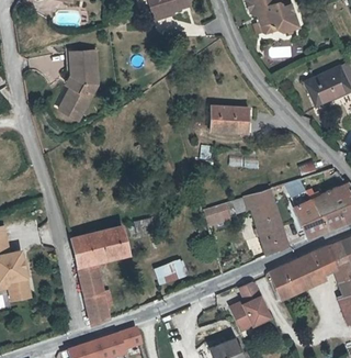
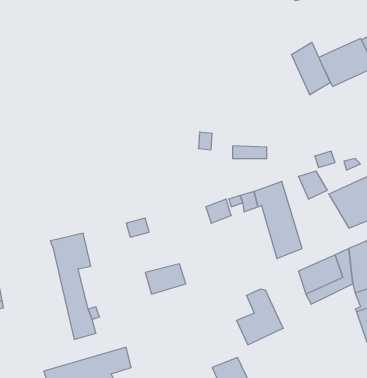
building: [54,49,101,122] -> none
building: none -> [292,42,330,95]
building: [210,107,245,132] -> none
building: [296,200,329,236] -> none
building: [99,226,128,260] -> none
building: [264,265,296,301] -> none

